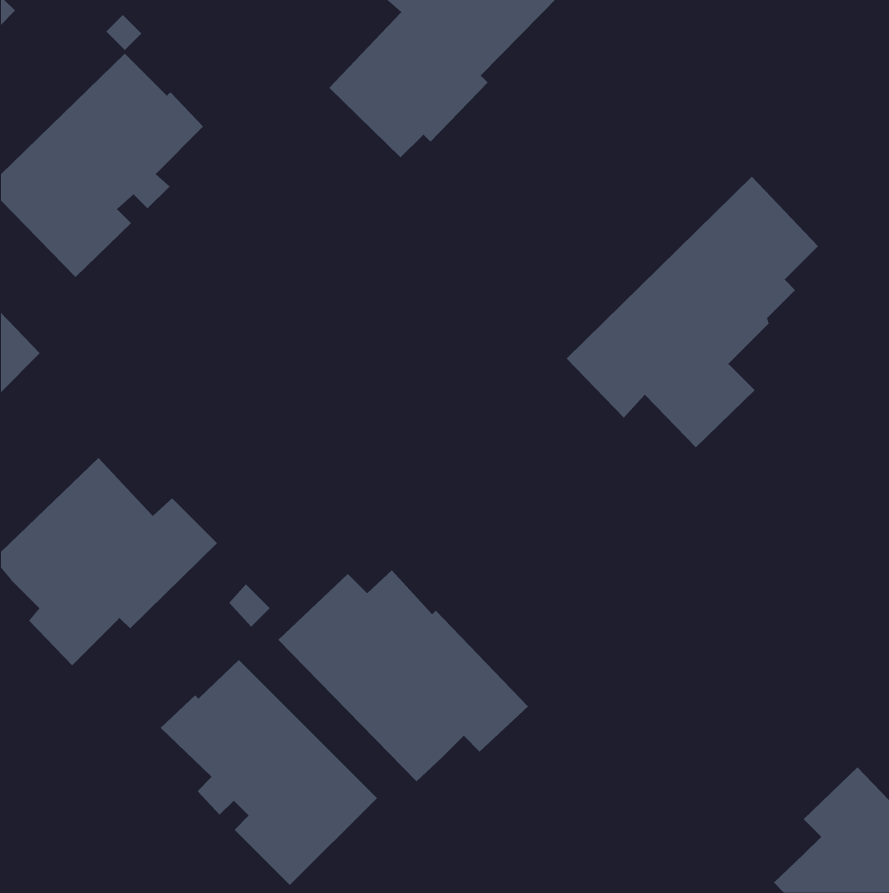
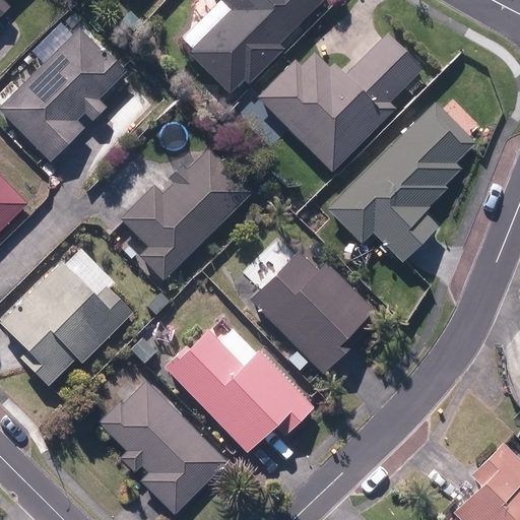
building: none -> [263,34,431,170]
building: none -> [121,148,253,279]
building: none -> [249,252,371,372]

